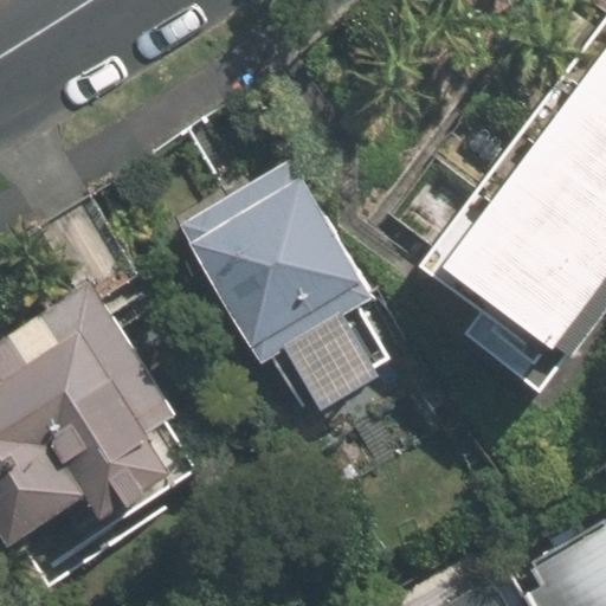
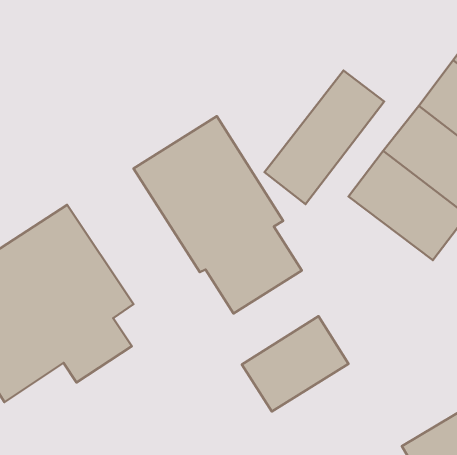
building: none -> [265,71,384,204]
building: none -> [242,316,348,411]

